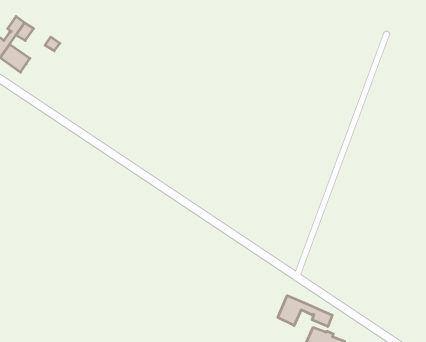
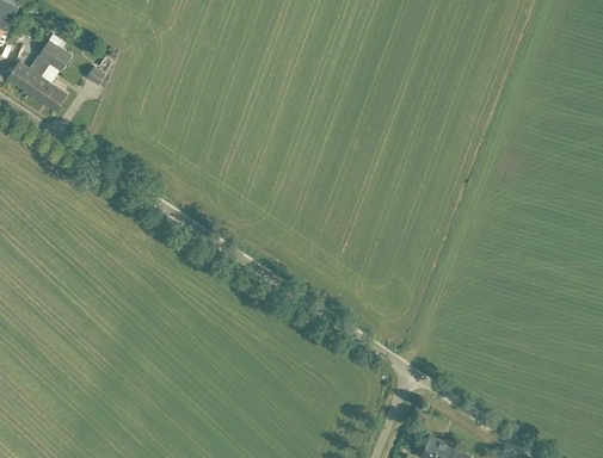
building: [278,296,332,327] -> none

